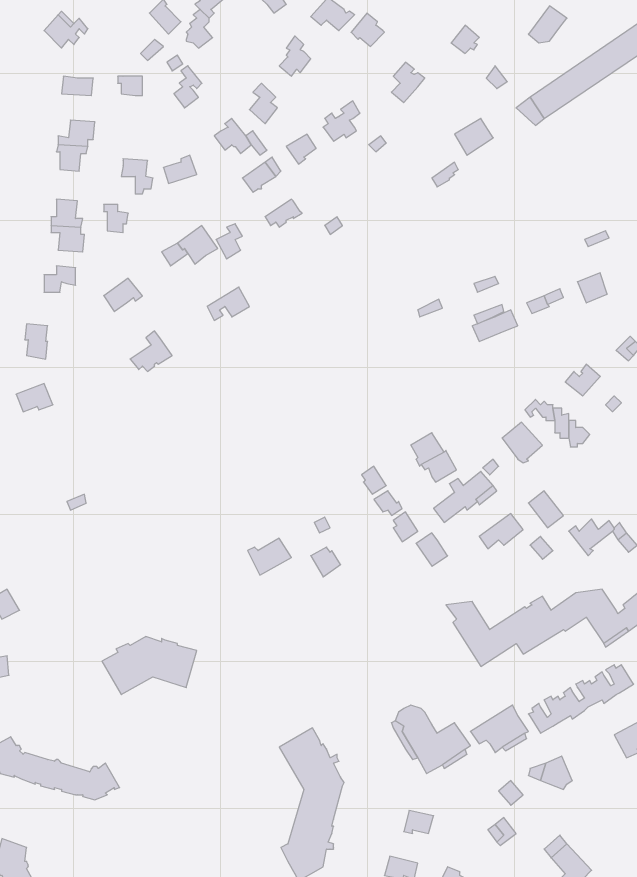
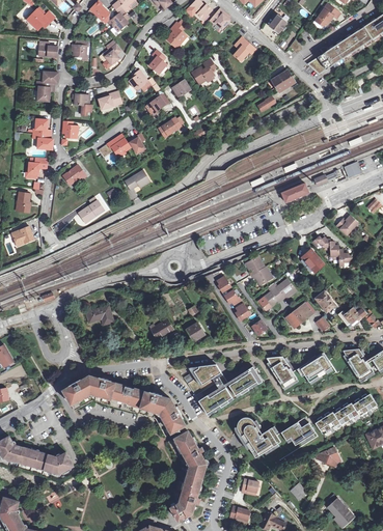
building: none -> [84,305,113,328]
building: none -> [183,364,264,416]
building: none -> [112,385,185,437]

